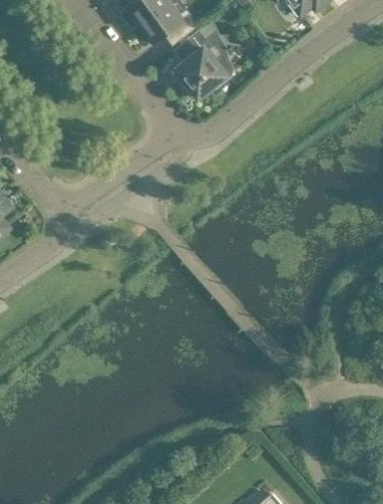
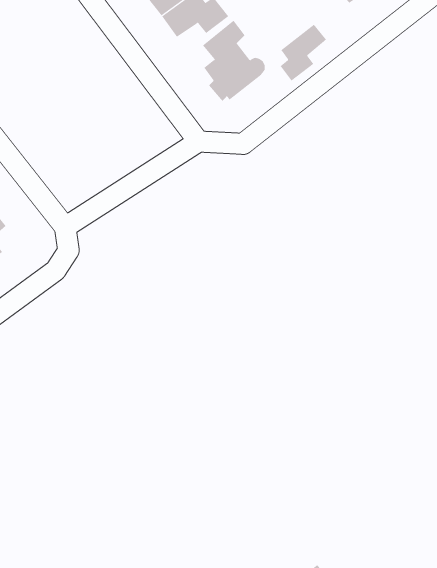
building: none -> [280,24,327,82]

